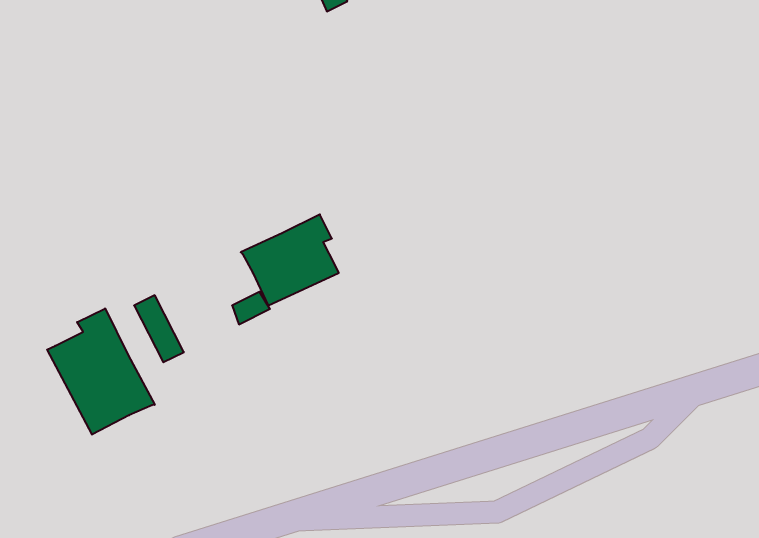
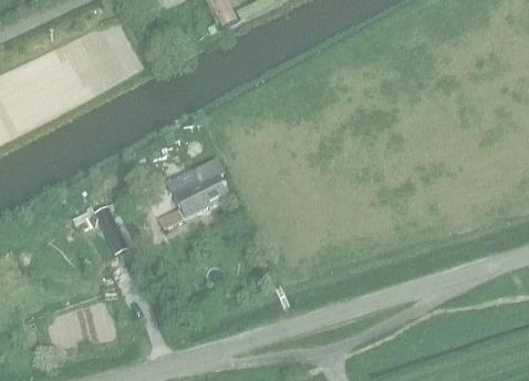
building: [47,308,155,435] -> none

